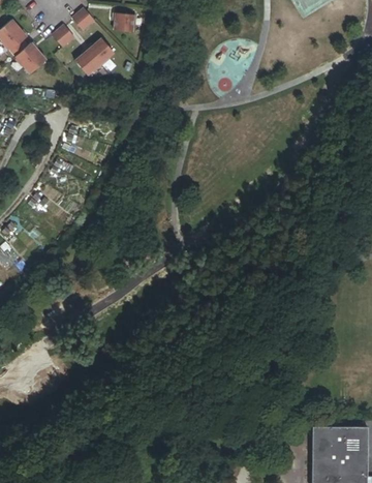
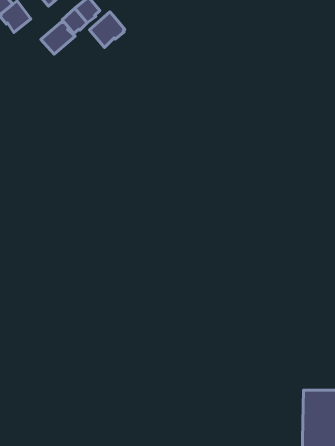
building: none -> [89,12,125,48]
building: none -> [41,22,75,54]

